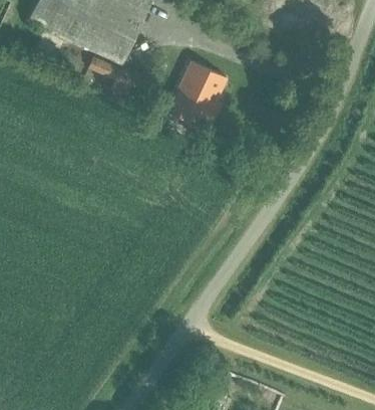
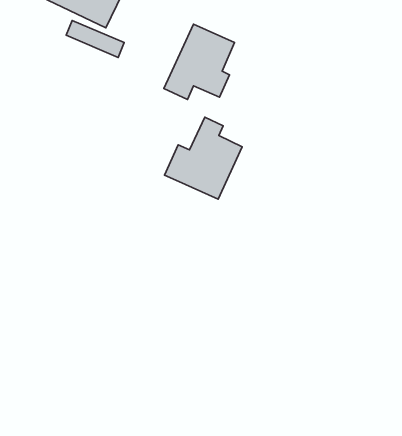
building: none -> [165,117,242,199]

